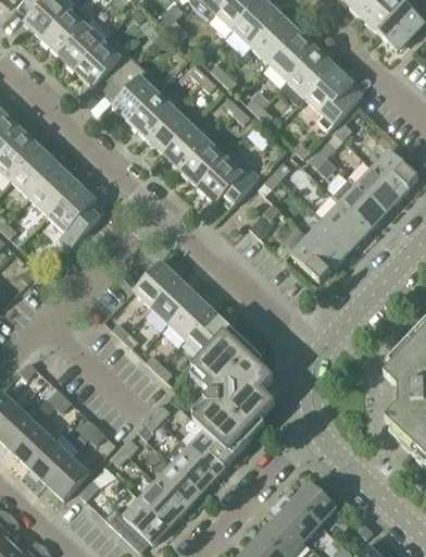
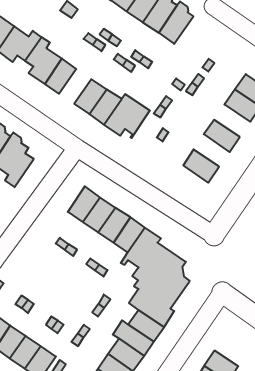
building: [303,61,358,132] -> none
building: [146,109,190,153] -> none
building: [331,177,385,230] -> none
building: [306,219,352,263] -> none
building: [292,481,336,523] -> none

